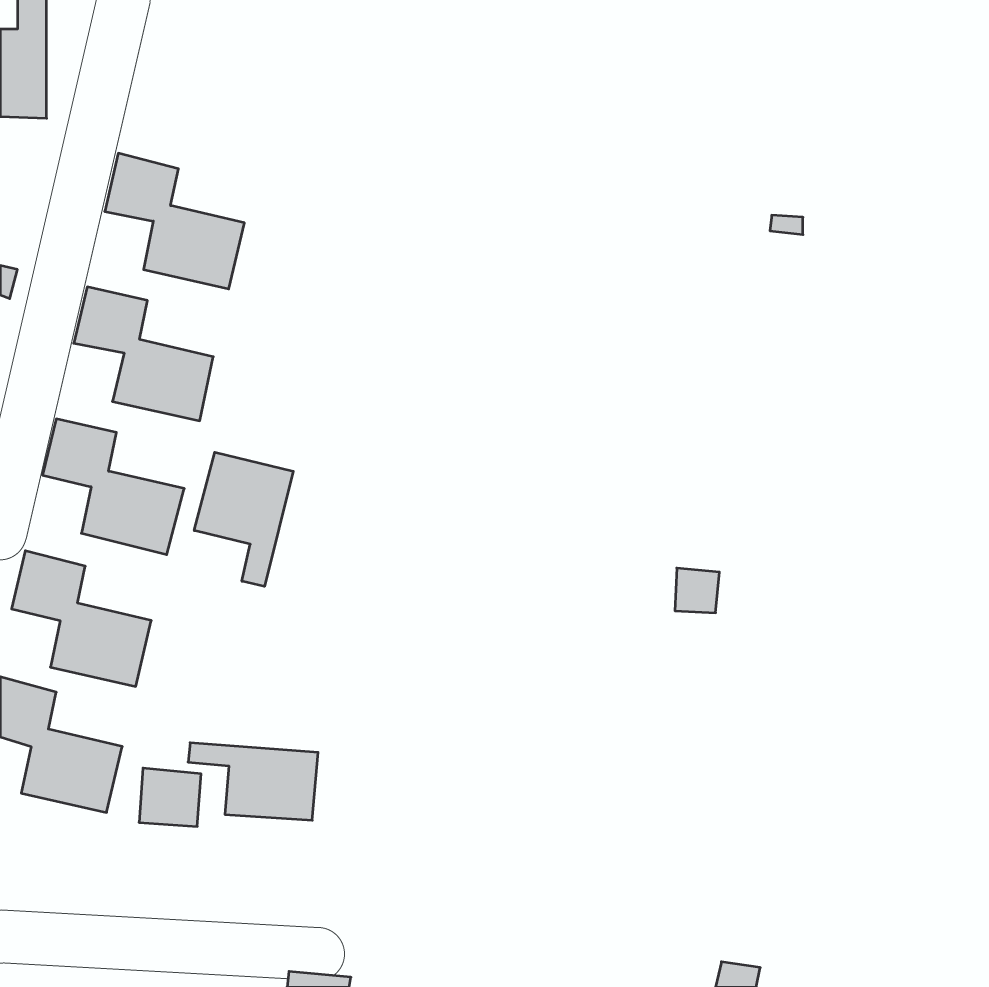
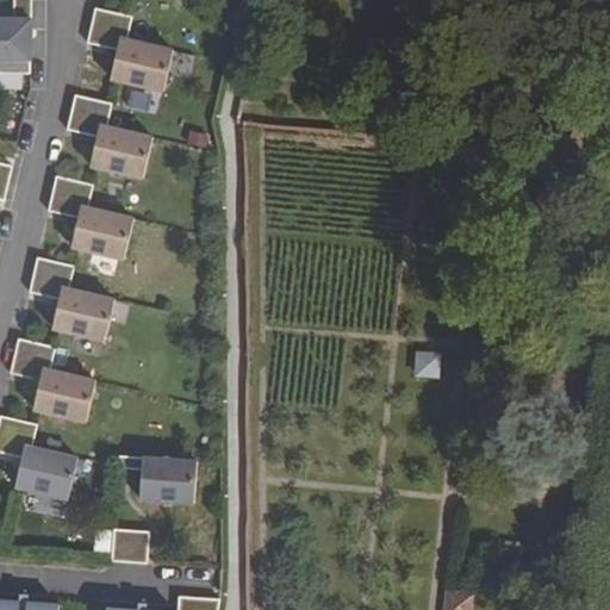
building: none -> [86,7,173,91]
building: [194,452,293,586] -> none
building: [139,768,201,826] -> [110,529,148,565]

